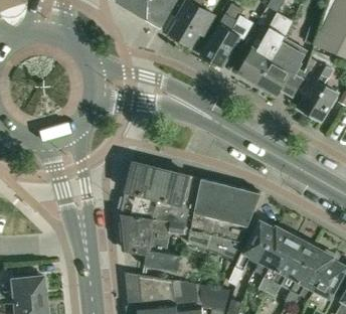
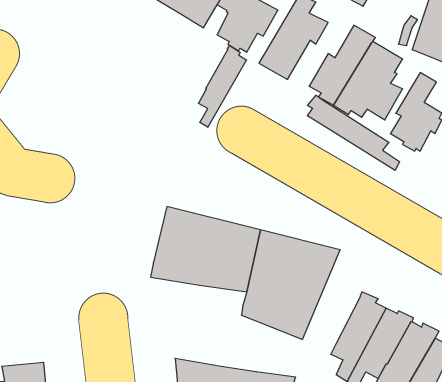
building: none -> [198,45,247,127]
building: none -> [307,95,399,170]
building: [121,213,192,272] -> none
building: [229,221,276,285] -> none

